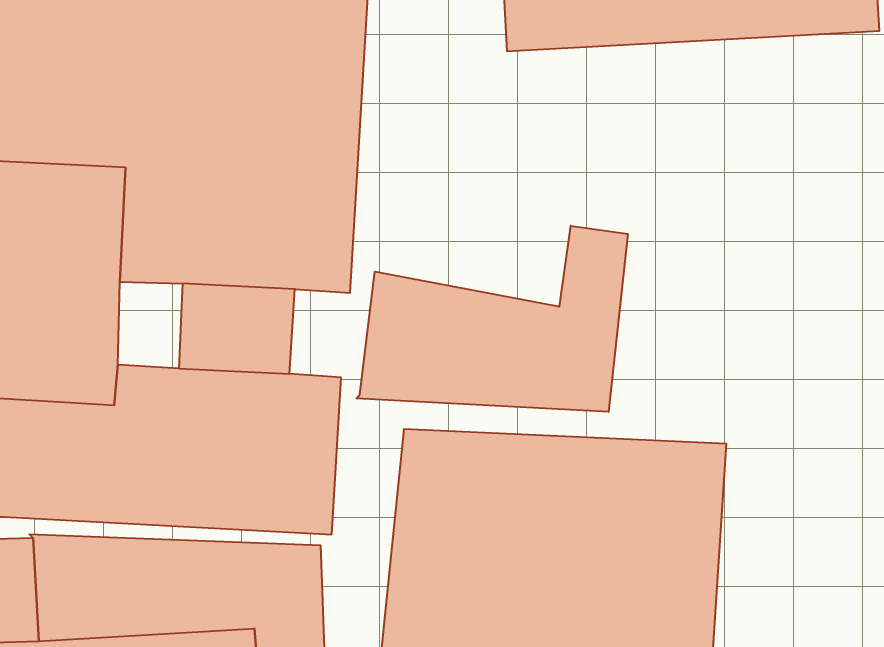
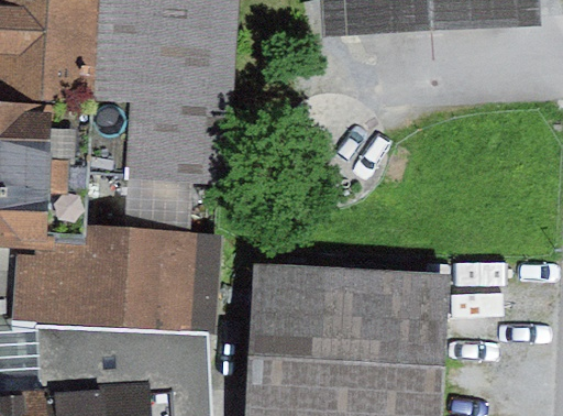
building: [356,226,628,412] -> none

